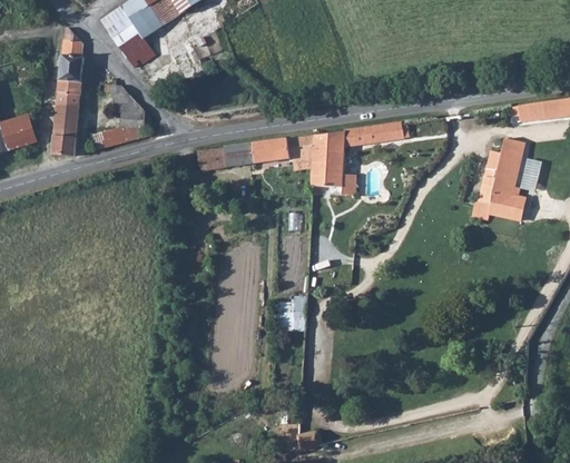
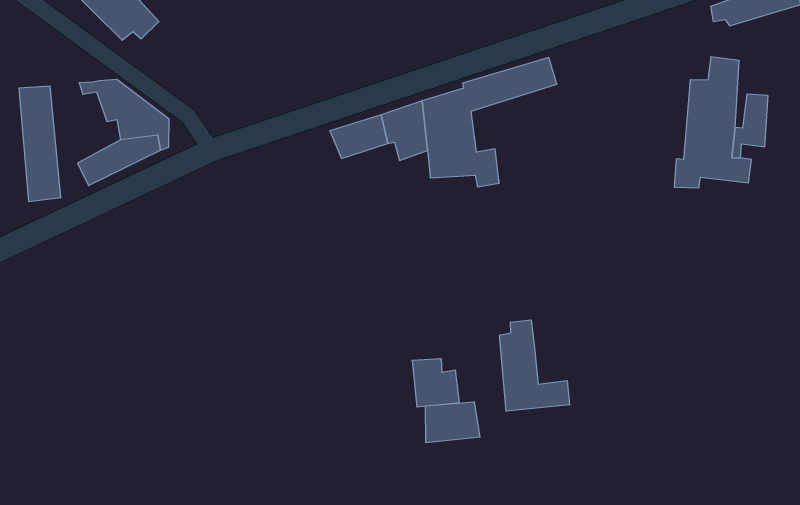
building: [59,29,81,82] -> none
building: [196,142,257,169] -> none
building: none -> [500,320,570,411]
building: none -> [425,402,480,443]

